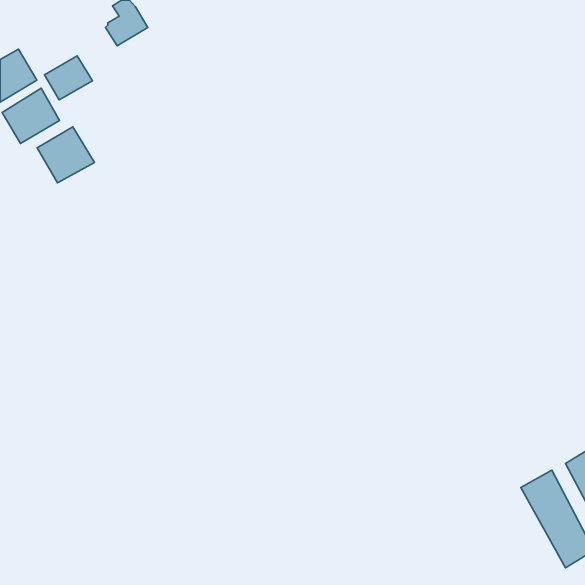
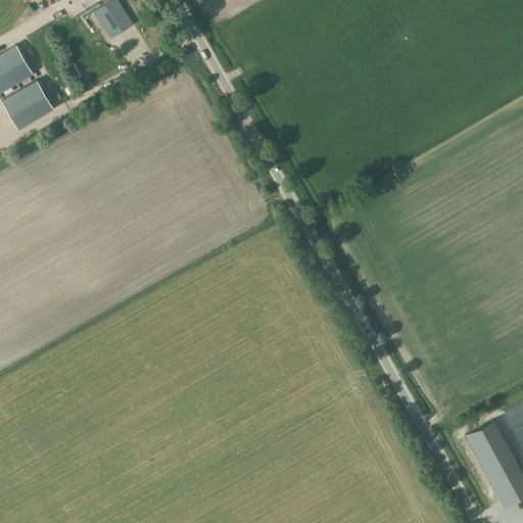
building: [45,56,93,100] -> none
building: [37,127,94,183] -> none

